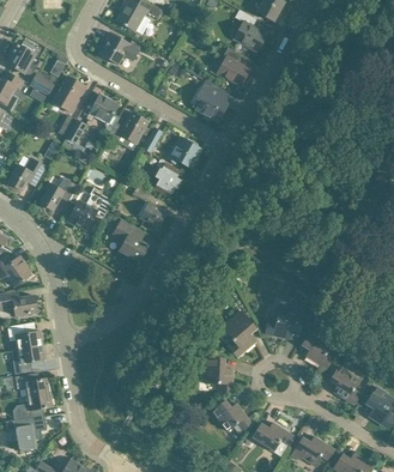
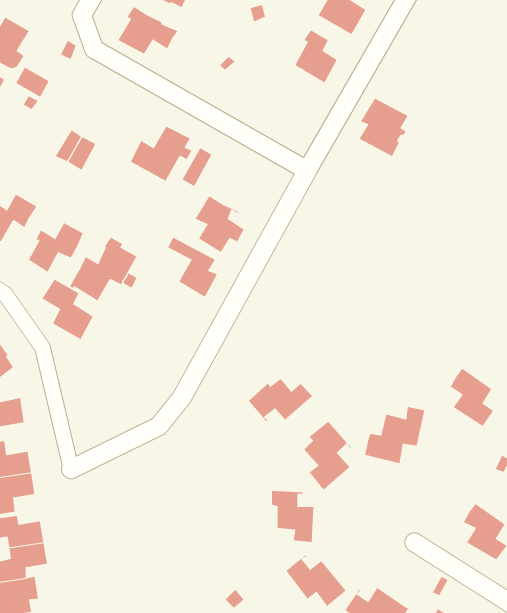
building: [51,75,86,113] -> none
building: [195,81,229,121] -> [358,98,408,157]
building: [86,93,119,137] -> none
building: [168,138,201,168] -> none
building: [113,220,147,261] -> [42,279,93,340]
building: none -> [248,378,313,422]
building: [302,329,333,369] -> [447,368,494,427]

